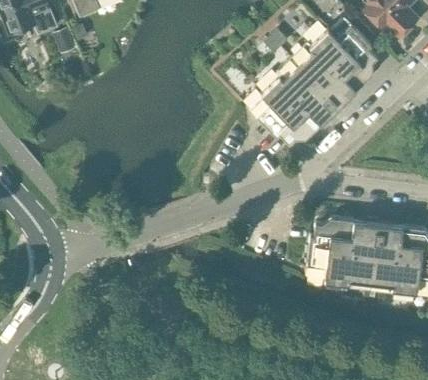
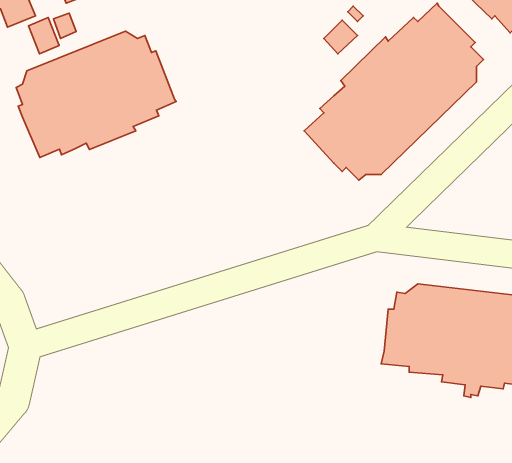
building: none -> [16,31,176,158]

